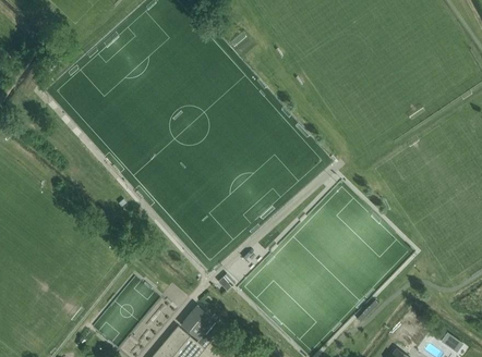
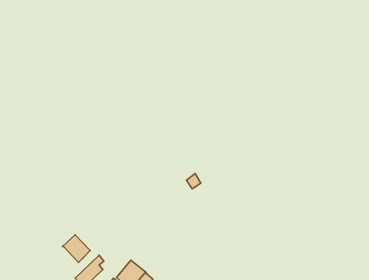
building: none -> [63,235,90,262]

